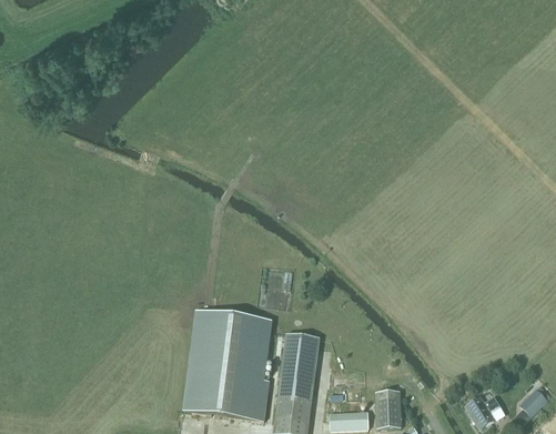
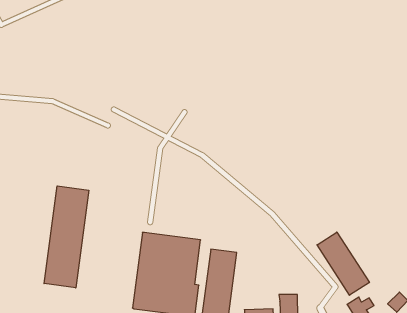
building: none -> [44,186,89,288]
building: none -> [317,232,369,295]

